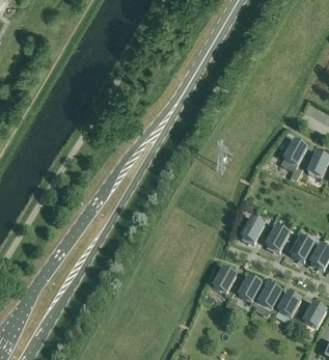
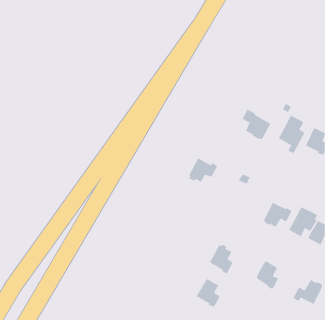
building: none -> [242,109,271,140]
building: [241,217,270,242] -> [188,157,218,183]
building: [238,276,262,305] -> [196,278,220,308]
building: [277,292,301,321] -> none

